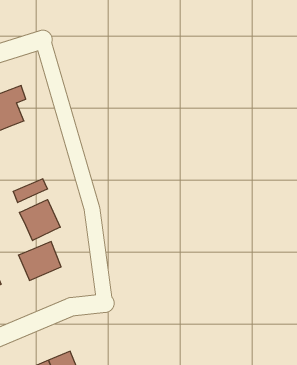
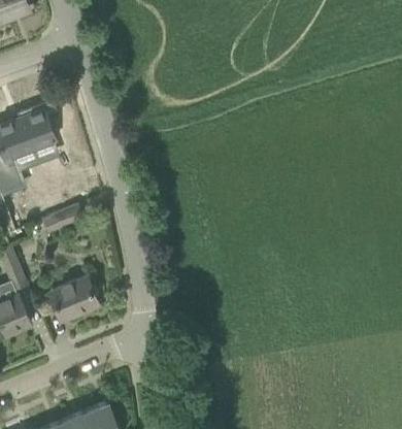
building: [19,200,60,241] -> none

